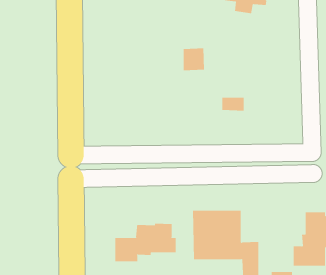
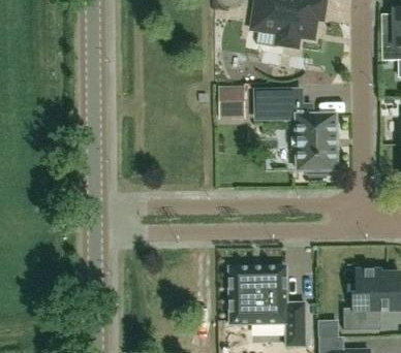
building: none -> [254,90,337,173]
building: [115,223,176,262] -> none

